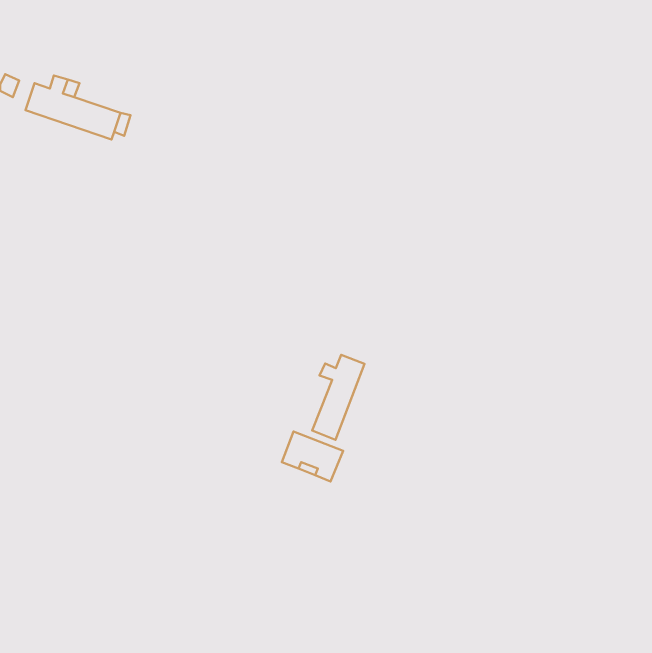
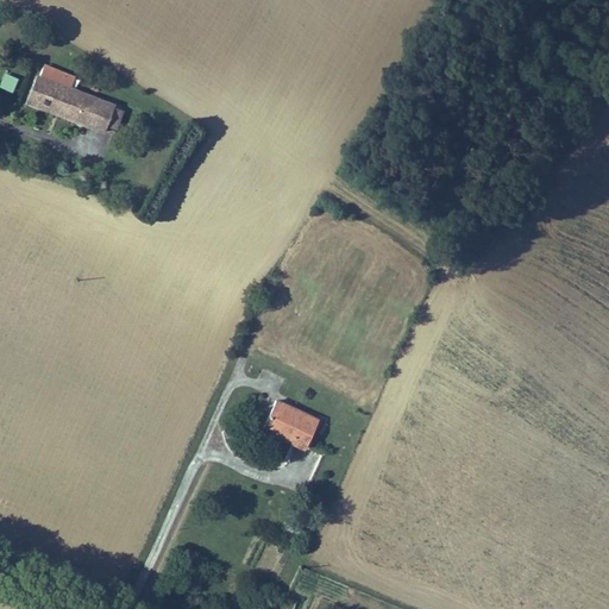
building: [312,355,365,440] -> none

